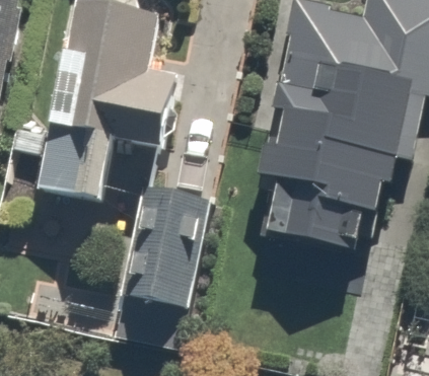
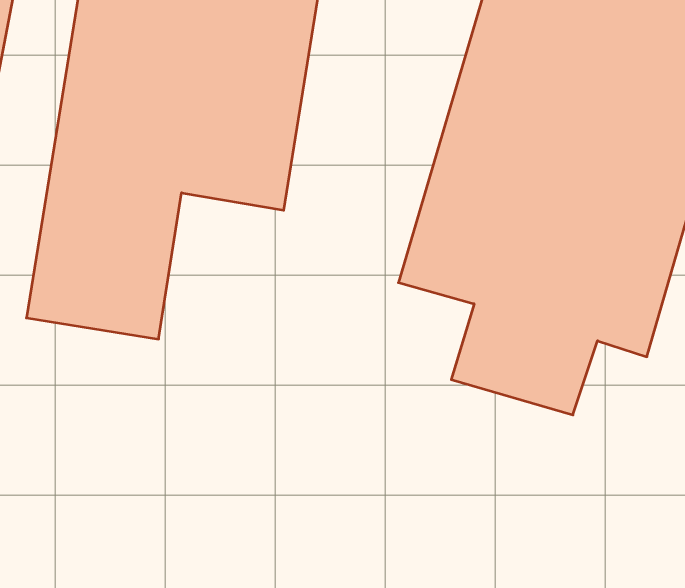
building: [134,202,199,309] -> none

